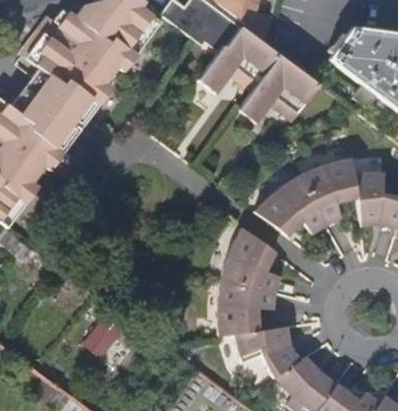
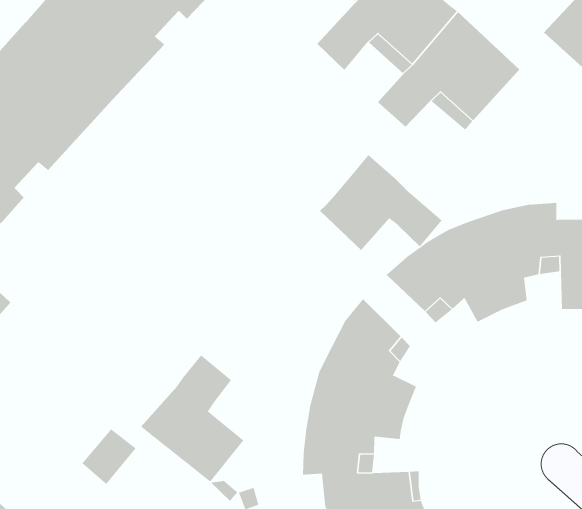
building: none -> [319,154,442,251]
building: none -> [140,355,244,482]

